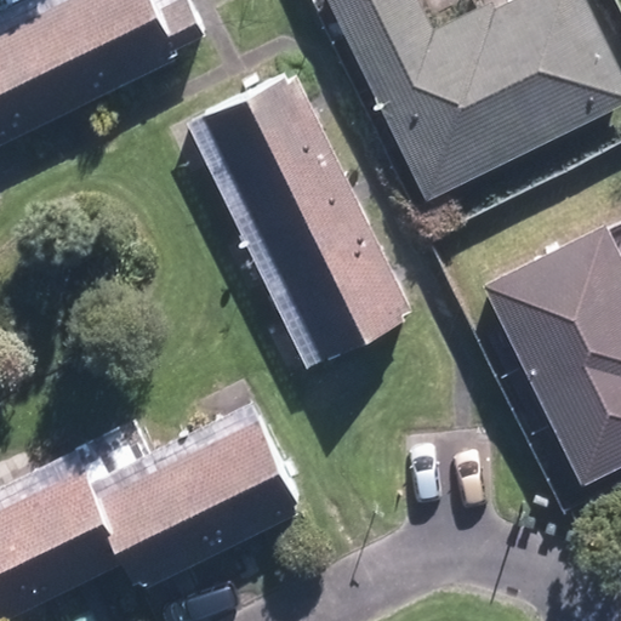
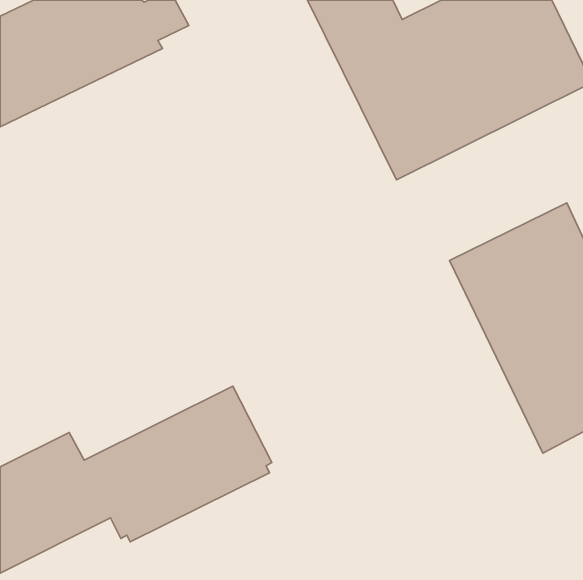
building: [201,78,411,360] -> none

